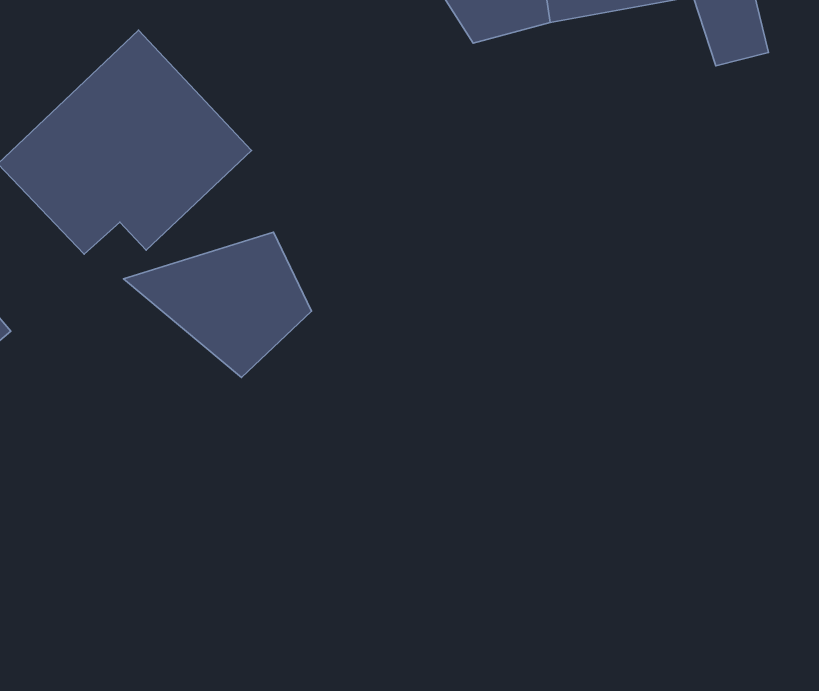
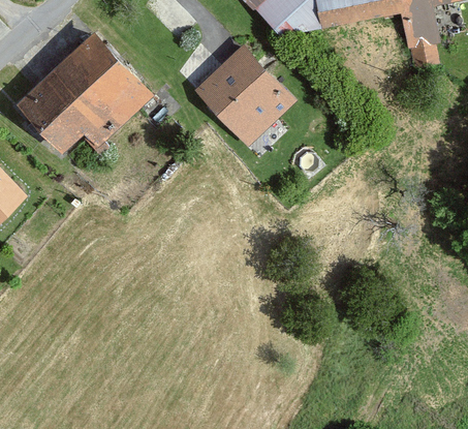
building: none -> [195,45,295,146]
building: [123,232,312,377] -> none

